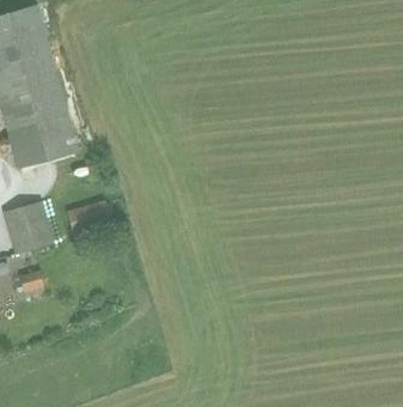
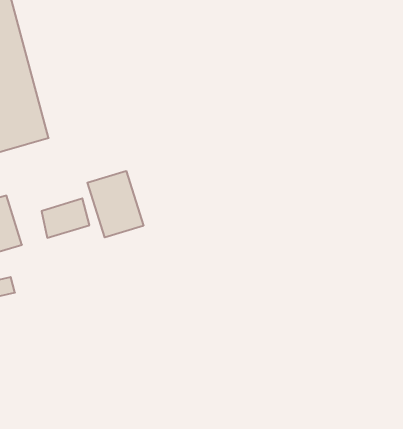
building: none -> [87,171,143,237]

